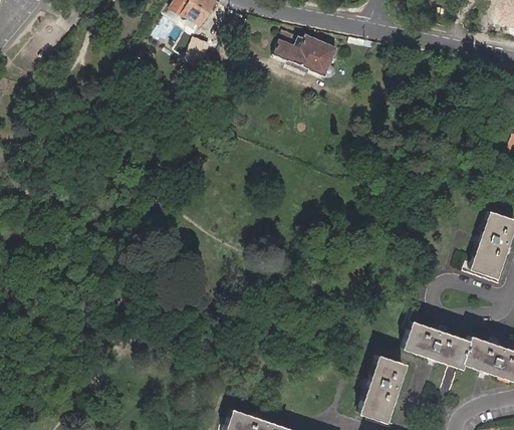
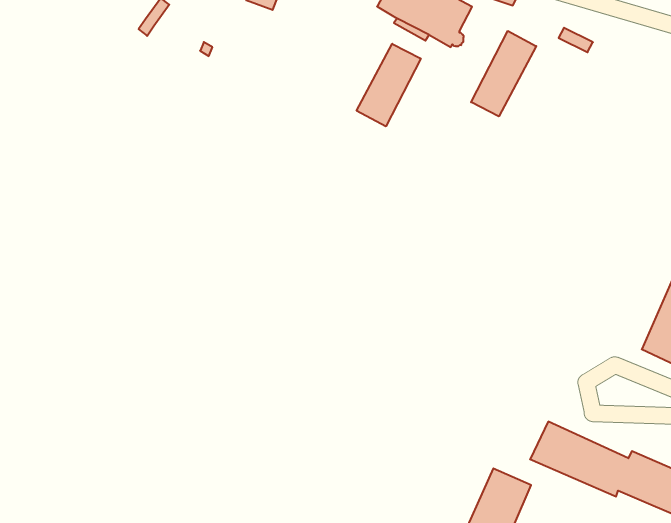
building: none -> [471,31,536,116]
building: none -> [357,44,421,126]

